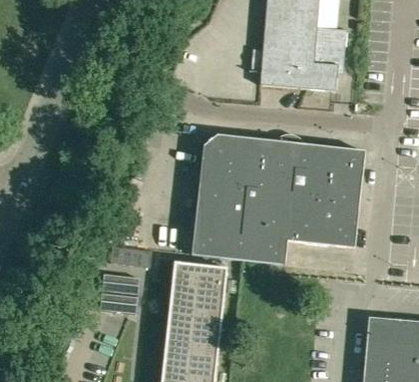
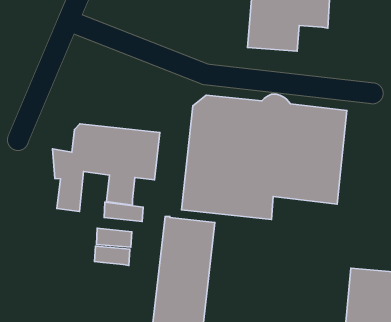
building: [313,62,339,91] -> none
building: none -> [52,124,160,212]

